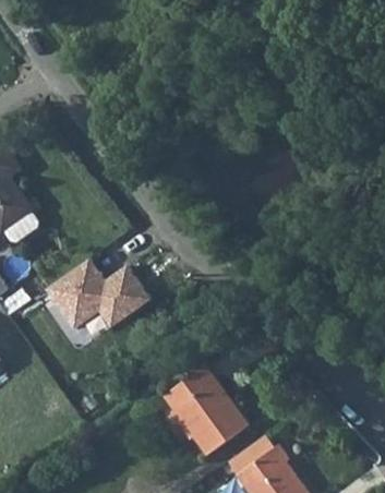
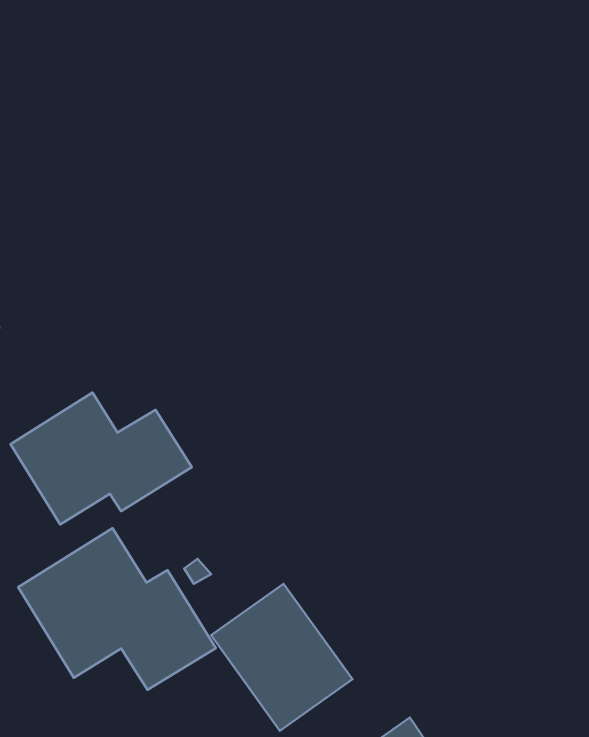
building: none -> [18,528,216,690]

